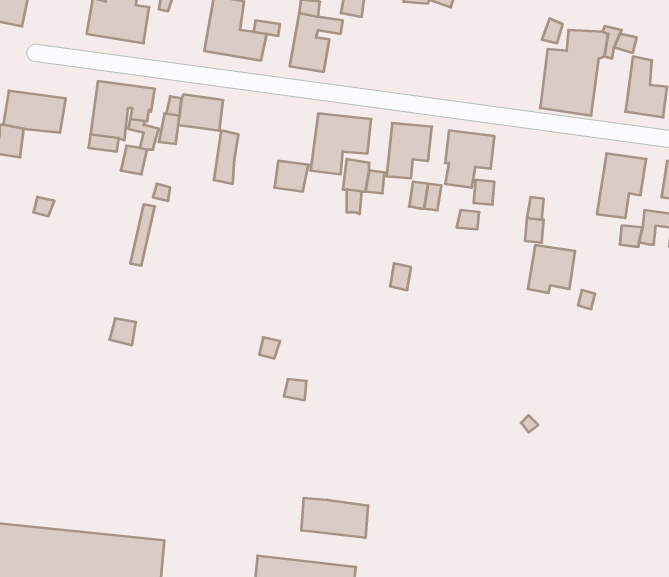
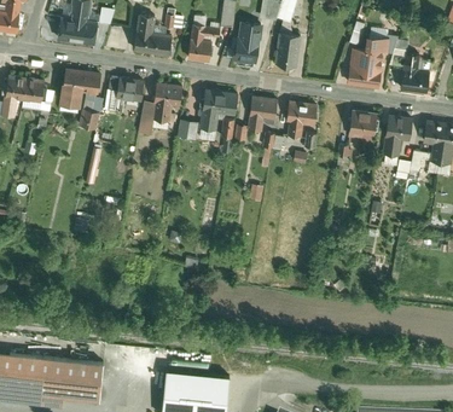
building: none -> [231,22,263,62]
building: none -> [275,33,301,66]
building: none -> [152,81,182,120]
building: [528,245,575,293] -> [349,108,379,138]
building: [301,498,368,538] -> none

